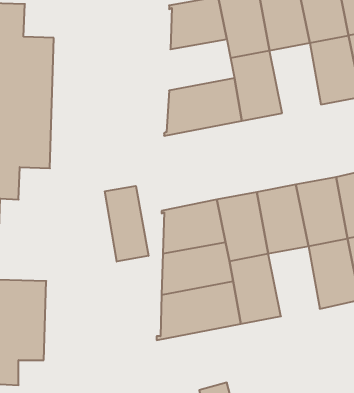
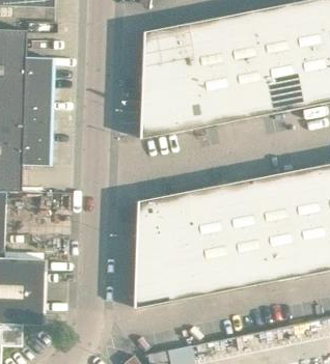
building: none -> [144,59,198,102]
building: none -> [227,62,270,120]
building: [105,186,148,262] -> none
building: none -> [226,230,269,288]

